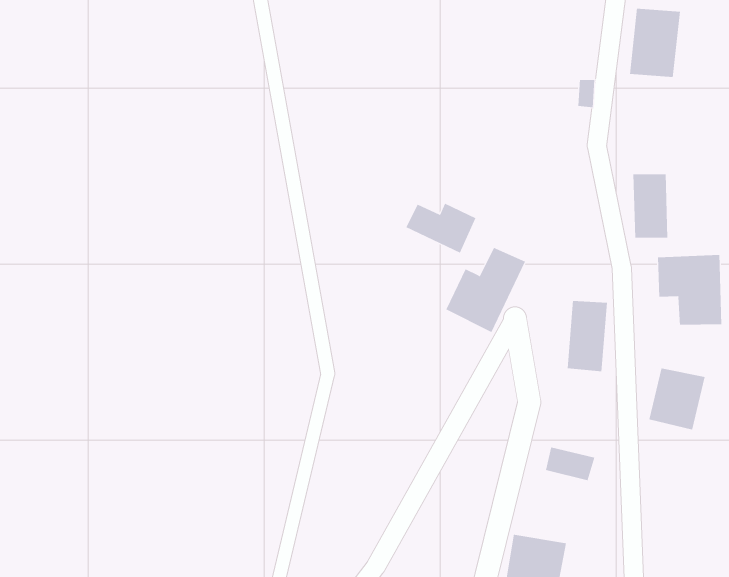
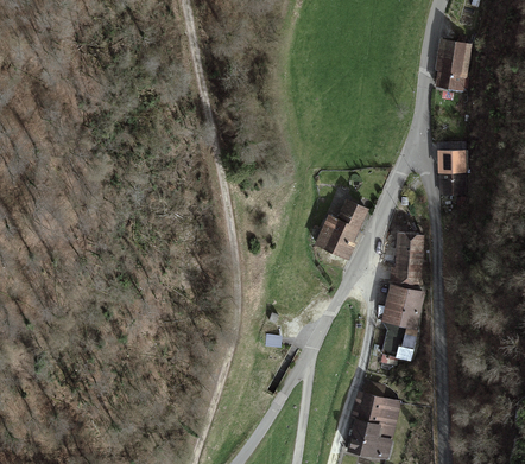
building: [406,203,476,254] -> none
building: [657,254,722,325] -> none
building: [648,368,705,430] -> [381,285,419,326]

